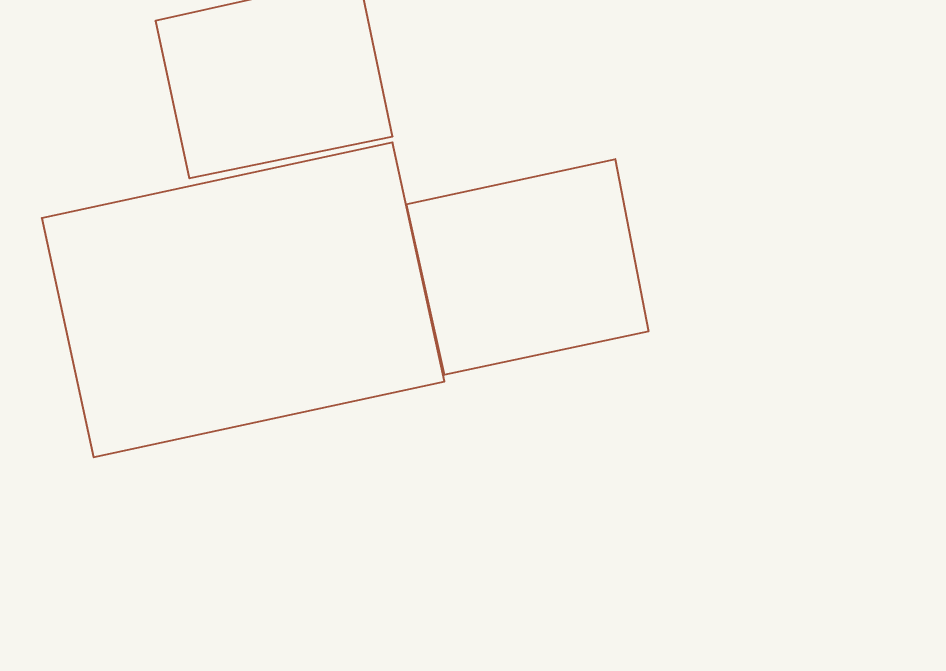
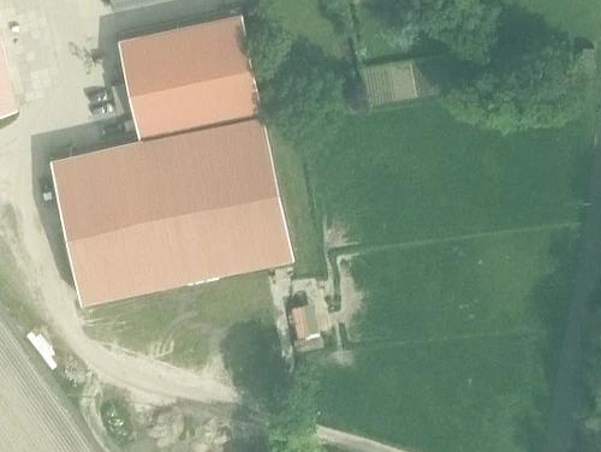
building: [407,159,648,375] -> none

